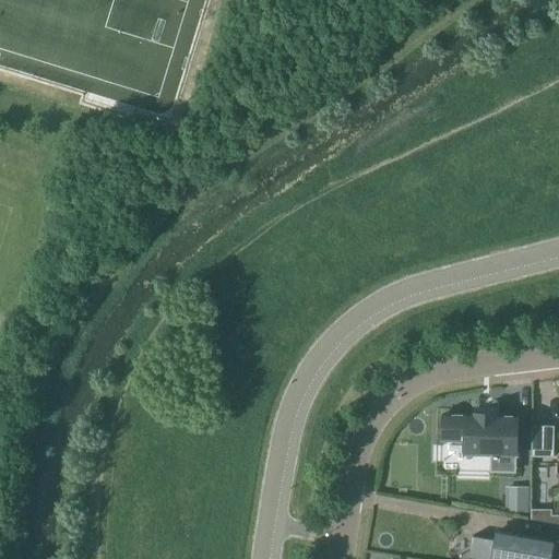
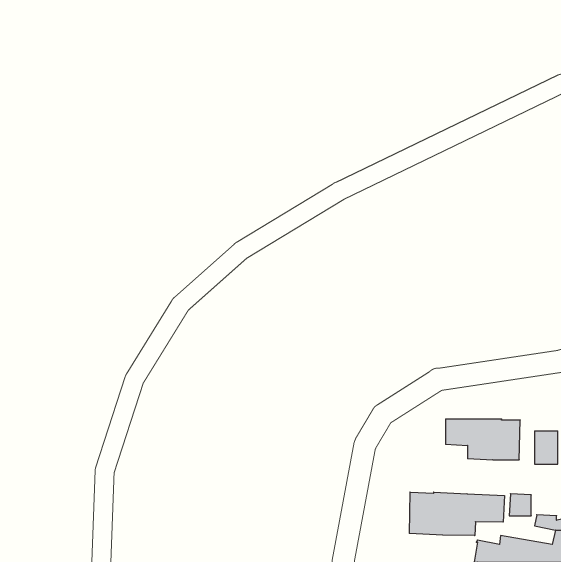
building: none -> [409,492,504,536]

